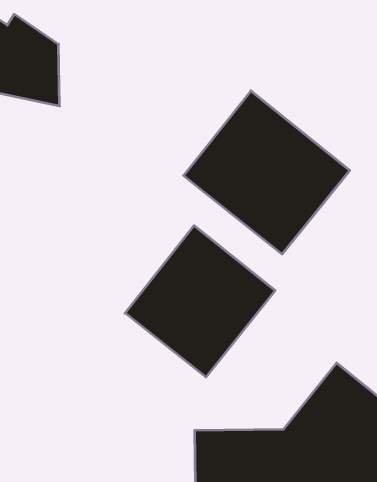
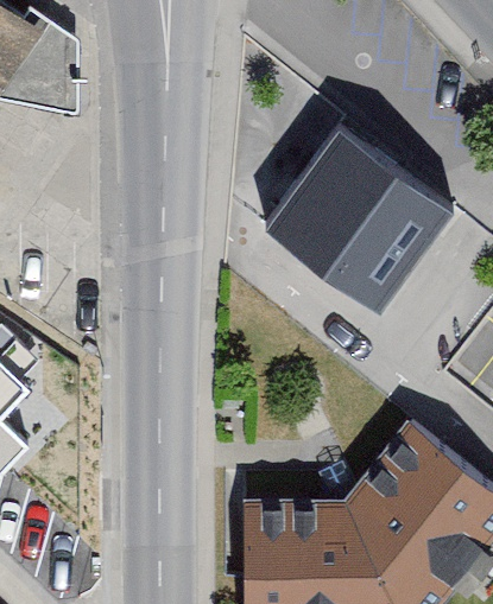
building: [125,226,275,377] -> none

